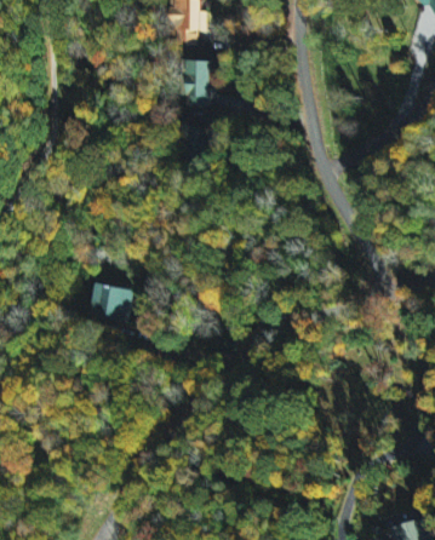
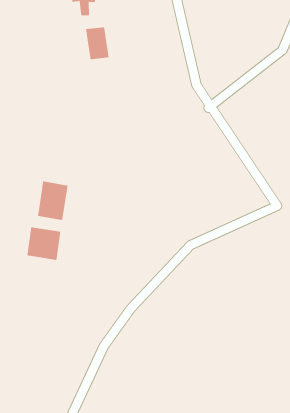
building: none -> [37,181,68,221]

